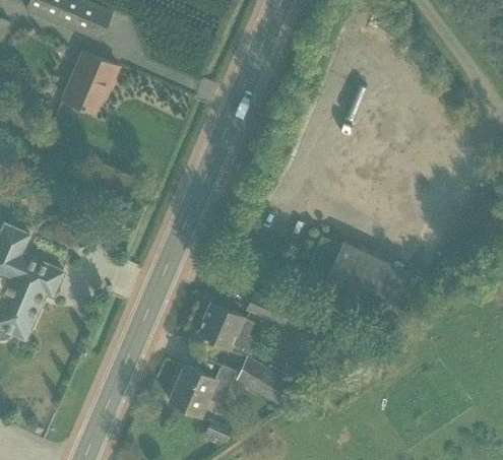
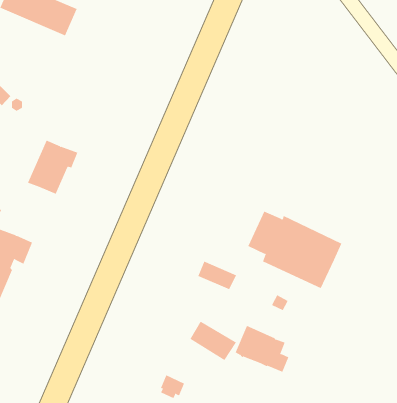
building: [62,52,119,113] -> [27,140,78,195]
building: [197,303,258,355] -> [235,325,289,373]
building: [169,364,236,415] -> none

